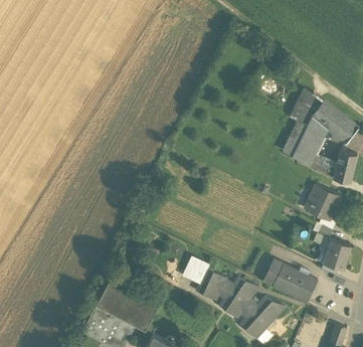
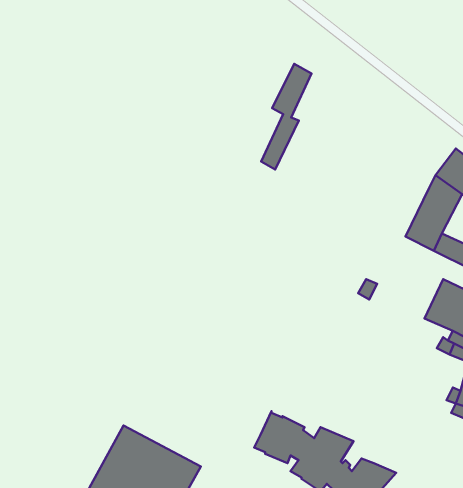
building: [283,89,315,156] -> [261,64,312,169]
building: [183,256,208,283] -> none
building: [262,258,317,302] -> none

